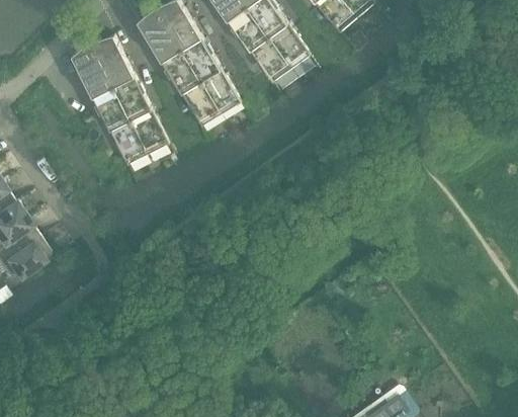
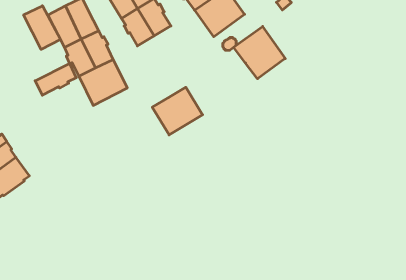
building: none -> [24,6,60,49]
building: [179,69,240,127] -> [152,87,203,135]
building: none -> [234,26,285,79]
building: none -> [35,64,76,95]

